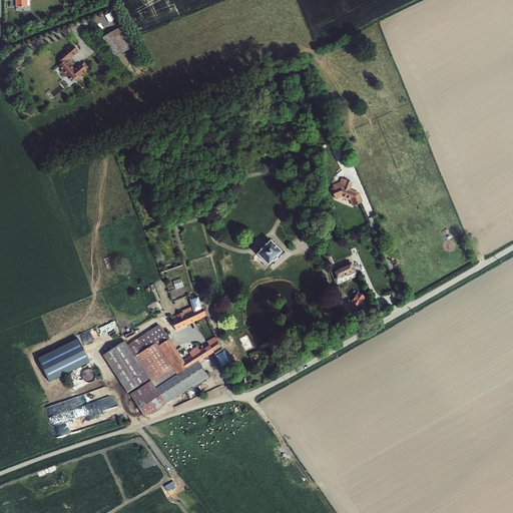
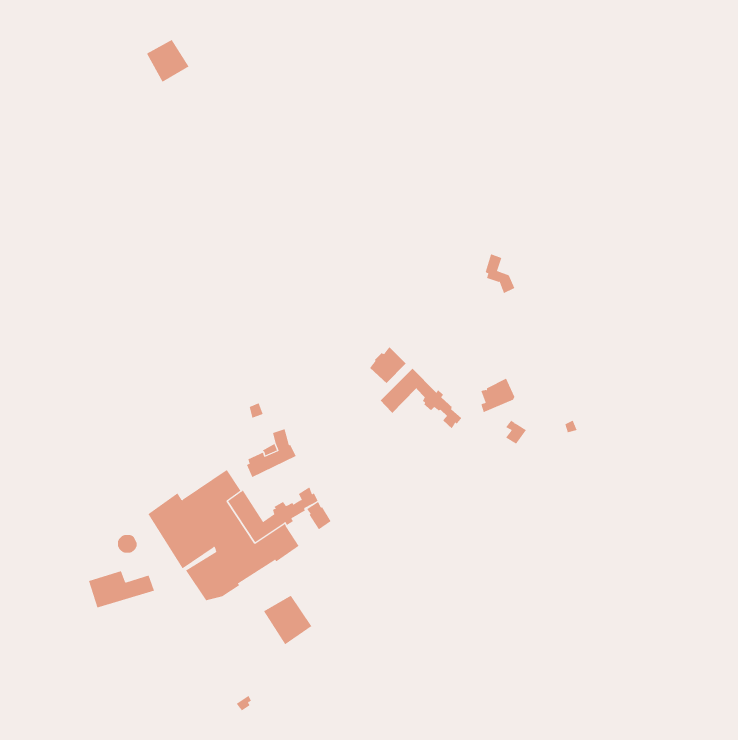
building: [57,44,86,82] -> none
building: none -> [380,368,462,429]
building: [37,339,89,382] -> none
building: none -> [263,595,312,645]

